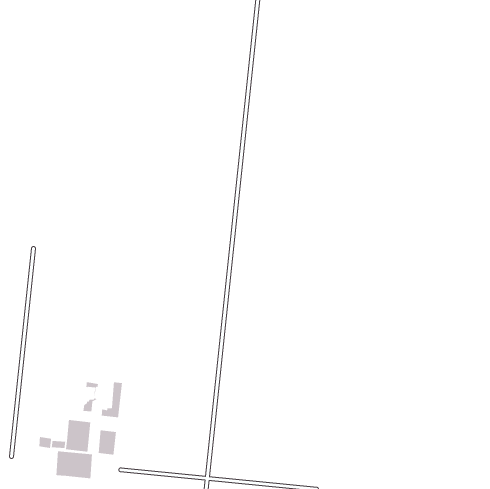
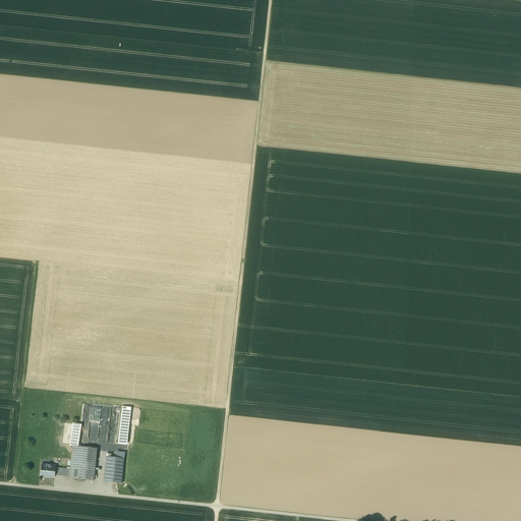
building: [55,450,93,479] -> none

